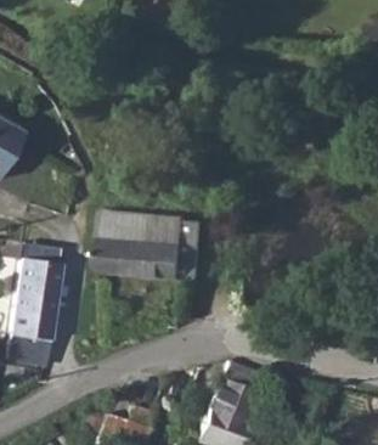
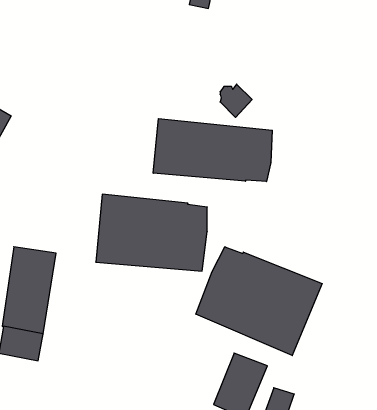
building: none -> [153,119,272,182]
building: none -> [196,247,322,356]

